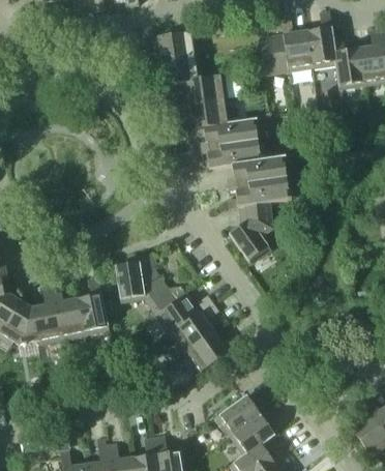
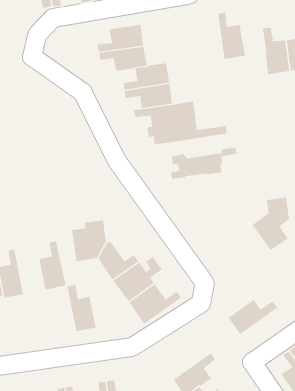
building: [307,10,336,66] -> none
building: [260,18,289,73] -> none
building: [232,156,286,182] -> none
building: [229,201,272,263] -> [251,197,290,251]
building: [51,284,85,338] -> [67,284,97,332]
building: [216,393,274,435] -> [227,299,278,335]

